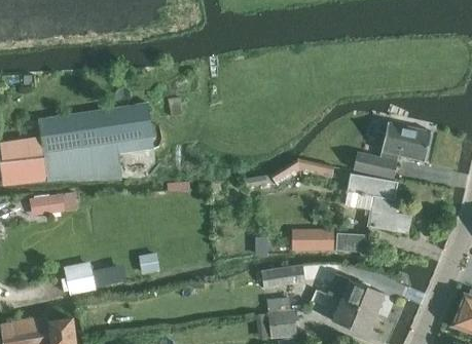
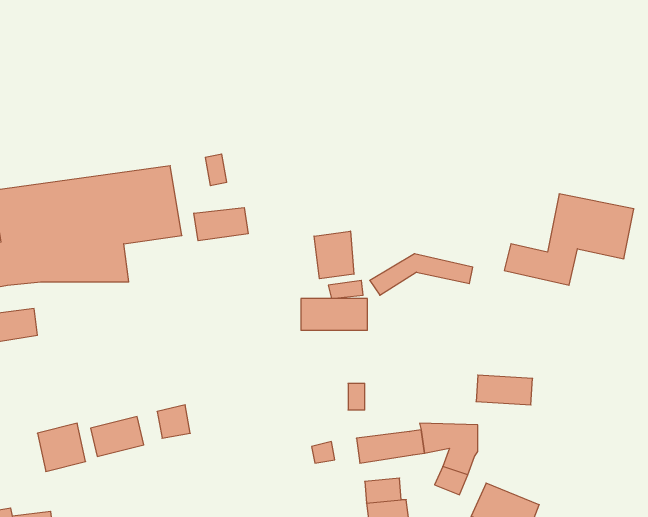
building: none -> [194,208,248,241]
building: none -> [314,231,354,279]
building: [344,173,411,233] -> none
building: [292,230,333,250] -> [301,299,367,330]
building: [341,279,384,313] -> none

